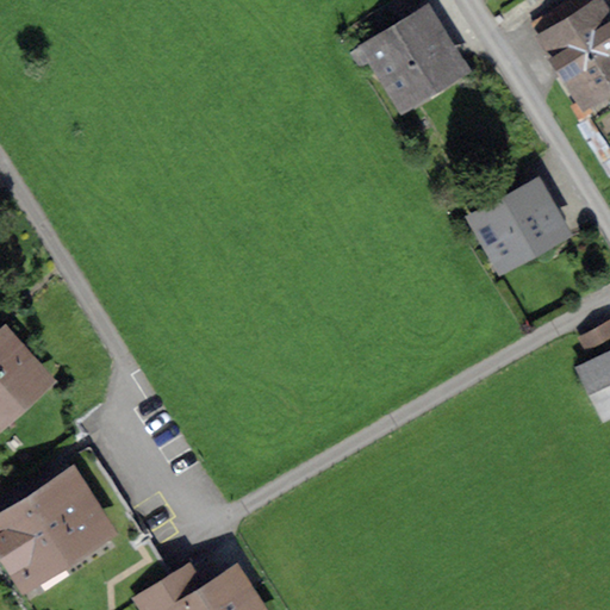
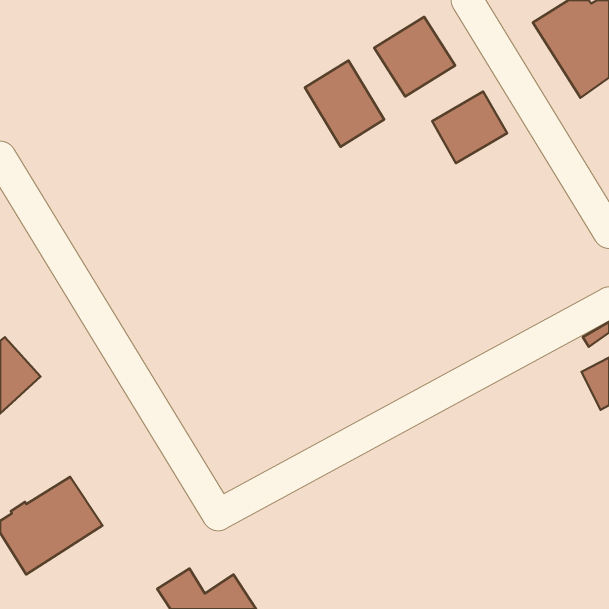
building: none -> [305,61,384,147]
building: [481,186,556,257] -> [432,92,507,163]

